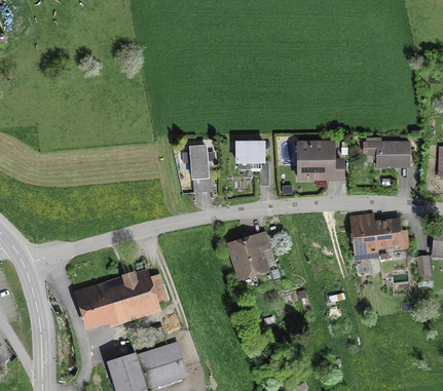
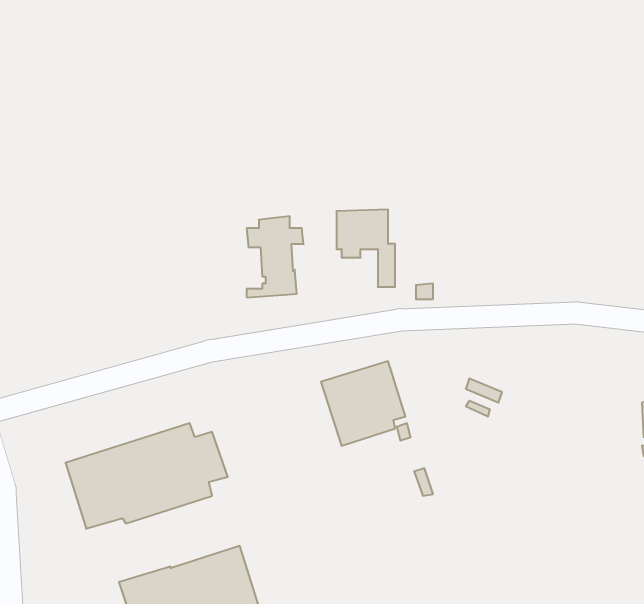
building: [362,136,410,168] -> none
building: [296,141,344,182] -> none
building: [348,212,409,261] -> none

